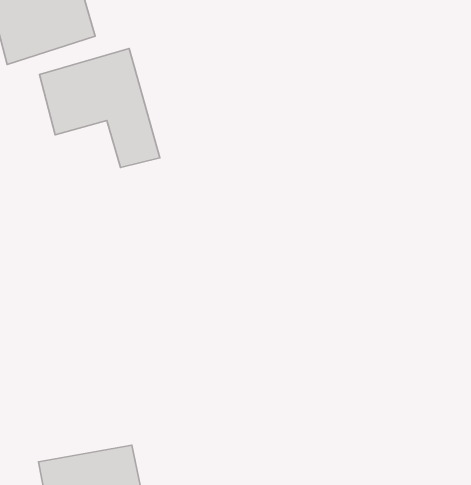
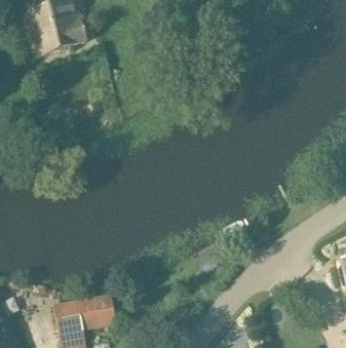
building: [39,48,160,168] -> none

